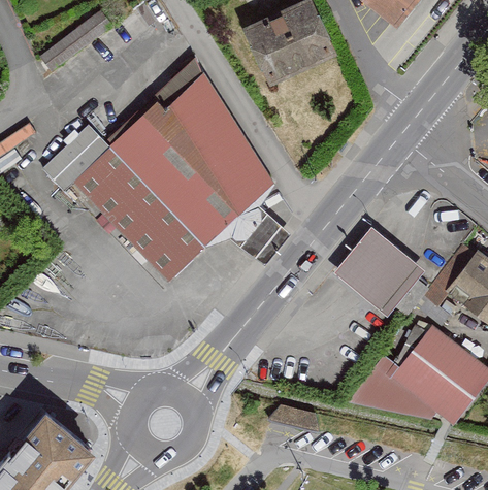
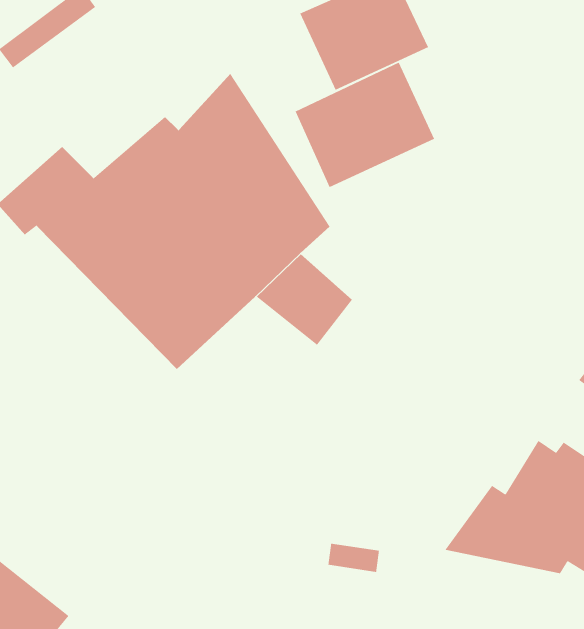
building: none -> [295,61,435,188]
building: [332,225,423,313] -> none

